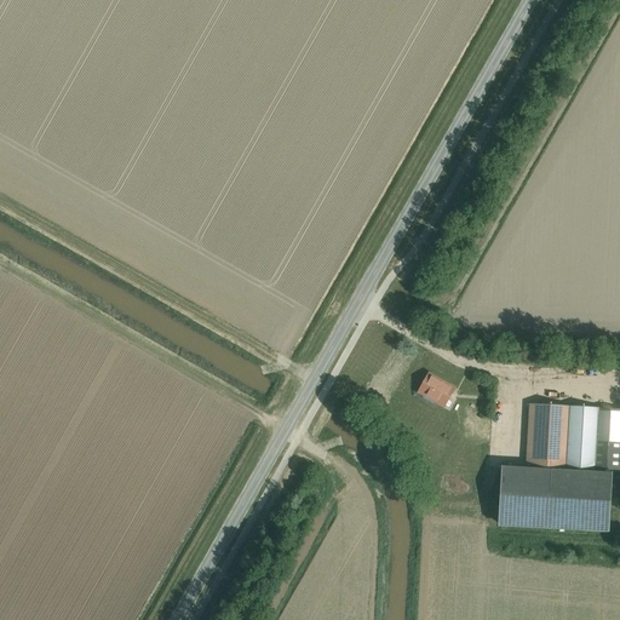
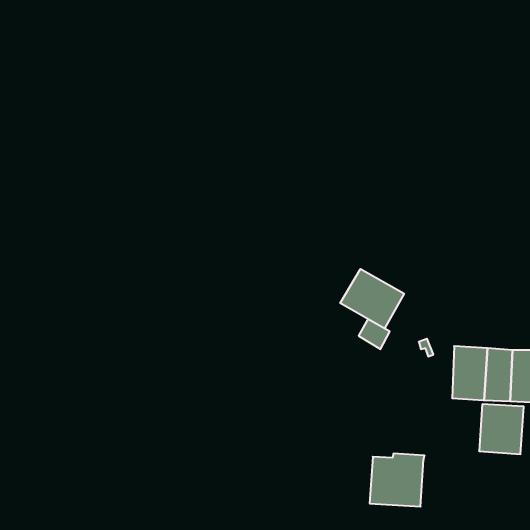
building: none -> [340,269,404,329]
building: [500,464,564,526] -> [370,454,425,507]

